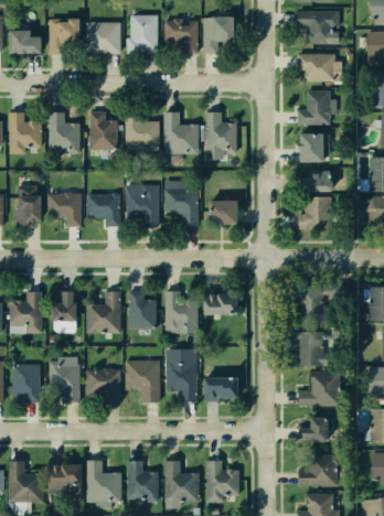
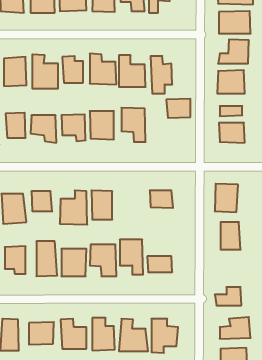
building: [204,201,236,226] -> [166,99,190,118]
building: [167,290,201,331] -> none
building: [297,374,337,407] -> none

